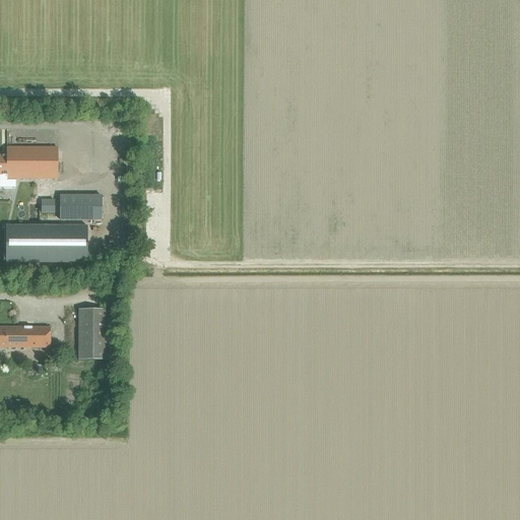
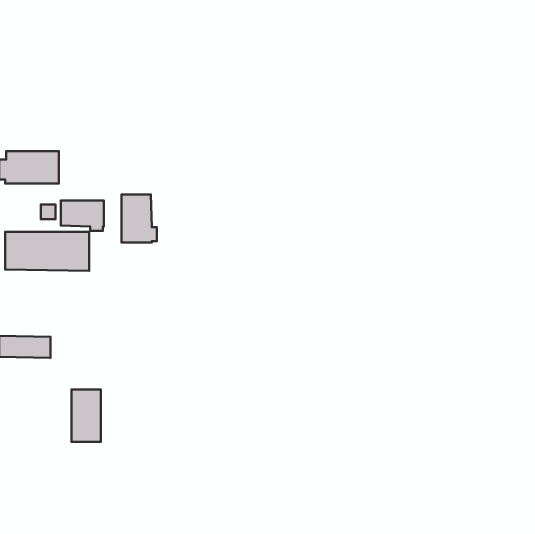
building: none -> [122,195,157,242]
building: [77,308,106,359] -> [71,389,101,442]

